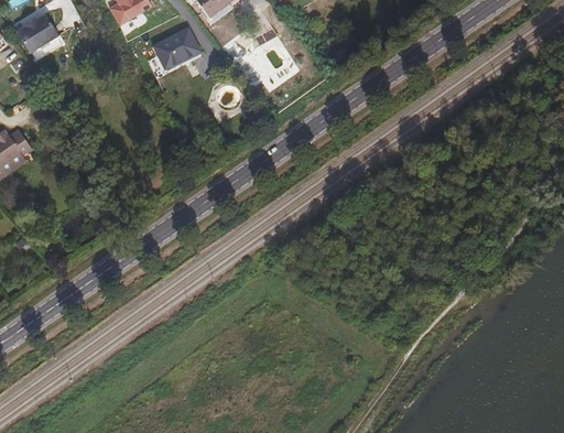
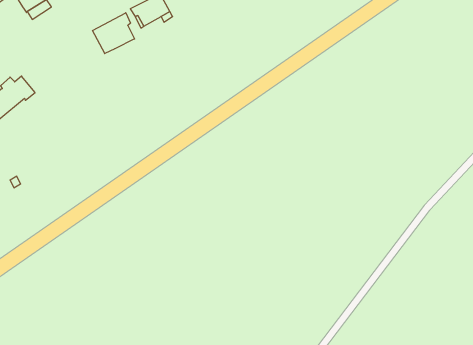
building: none -> [93,13,135,54]

